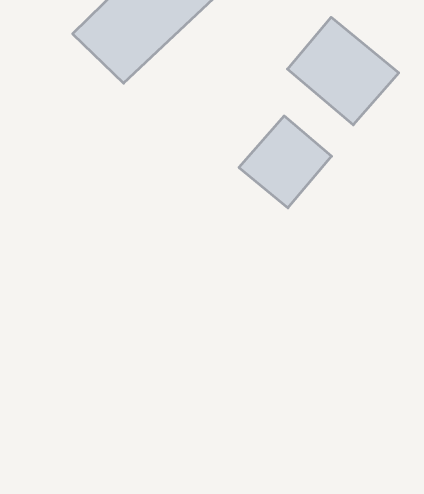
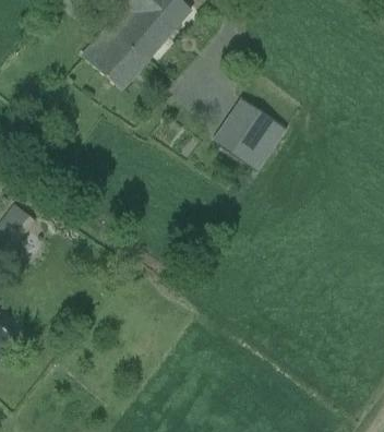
building: [287,17,399,125] -> none

